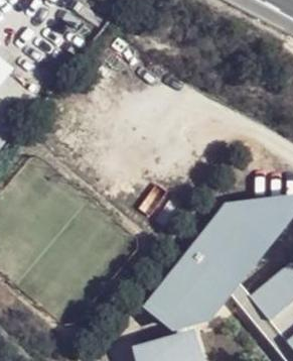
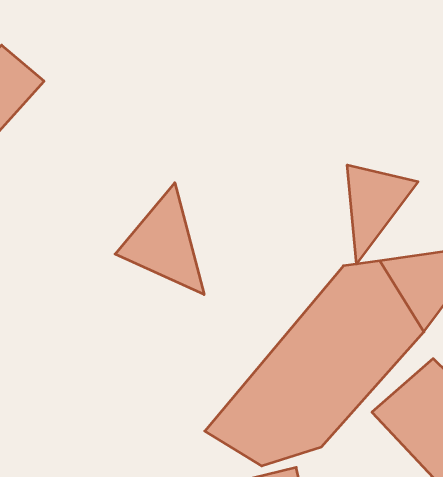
building: none -> [347,165,418,264]
building: none -> [115,183,204,295]

